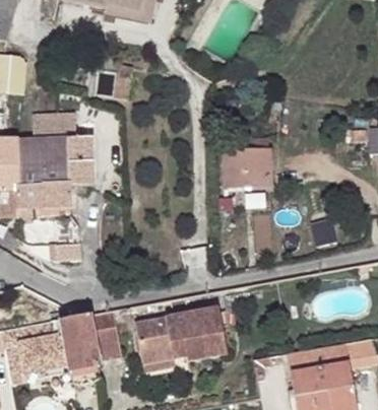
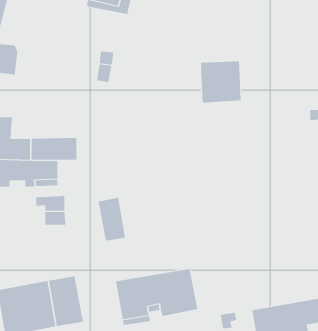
building: [17,111,91,161] -> none
building: [224,137,270,185] -> [200,61,242,103]
building: [89,311,121,360] -> [98,197,126,241]

